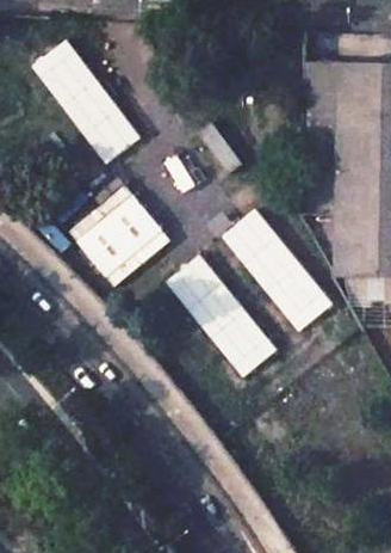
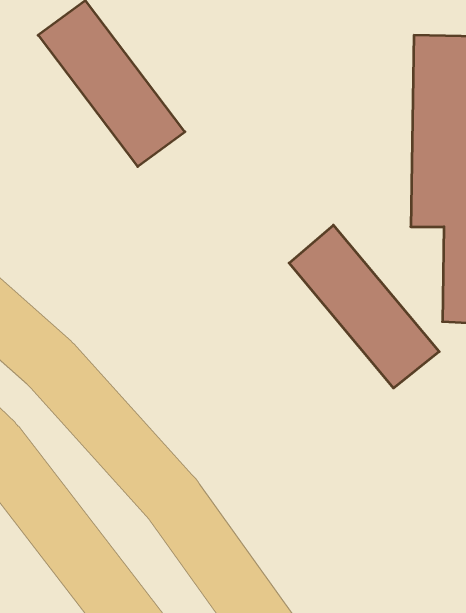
building: [67,183,170,287] -> none
building: [165,254,277,376] -> none

